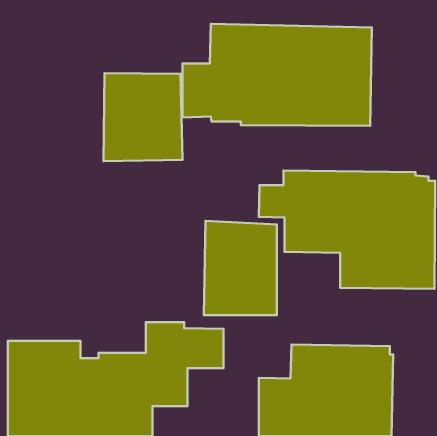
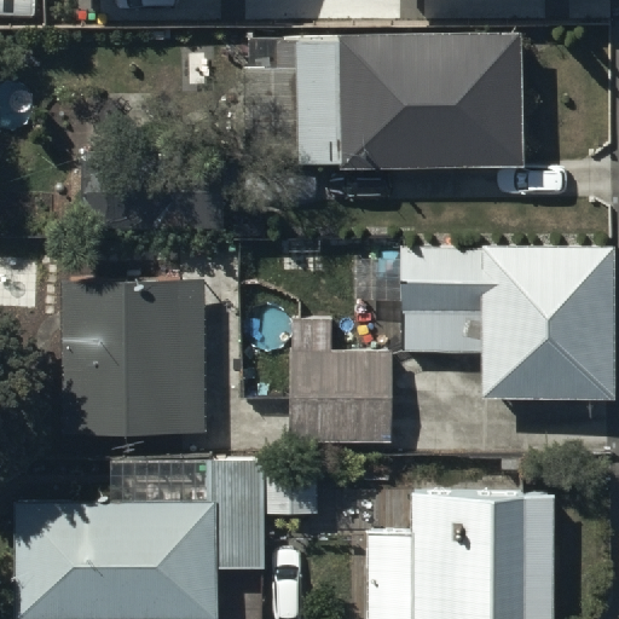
building: [104,73,182,161] -> none
building: none -> [62,289,208,436]

